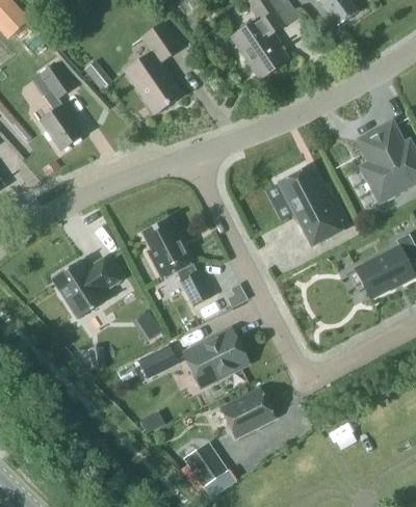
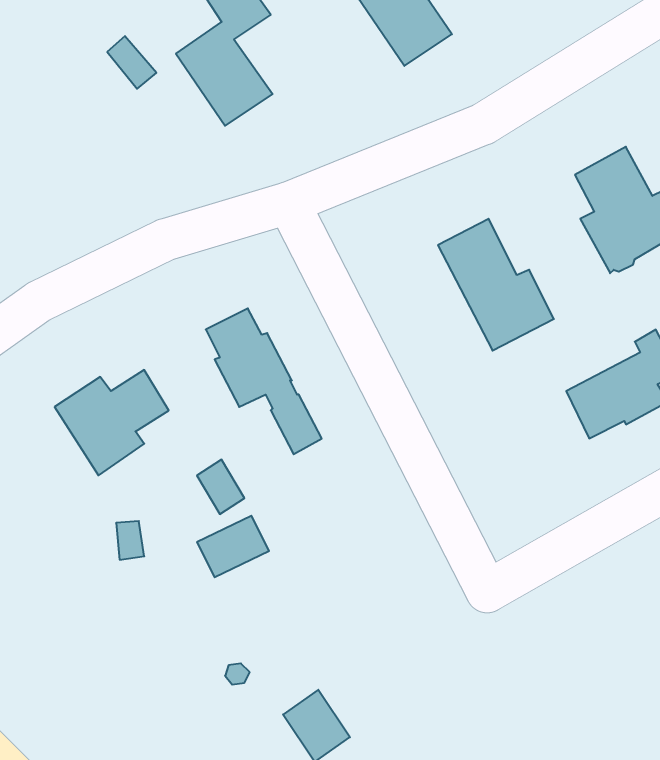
building: [29,63,82,150] -> none
building: [180,325,251,390] -> none
building: [220,390,275,439] -> none

